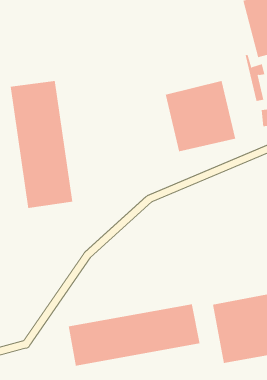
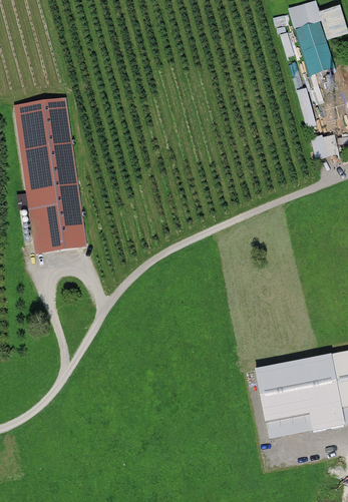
building: [165,80,236,152] -> none
building: [68,303,200,367] -> none

